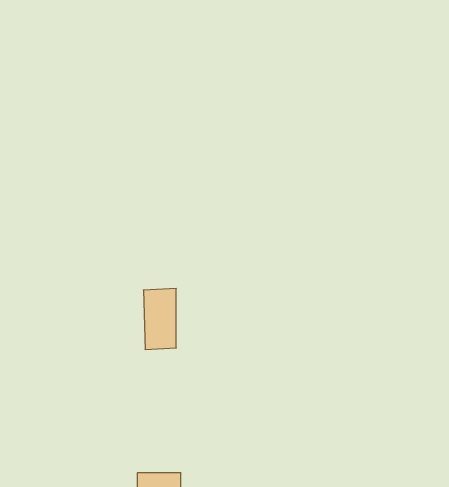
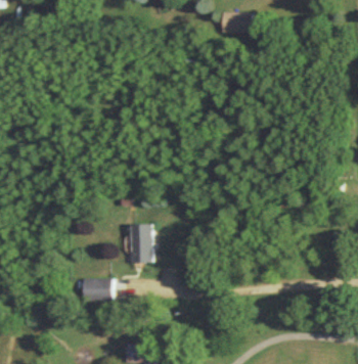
building: none -> [83,278,111,302]

